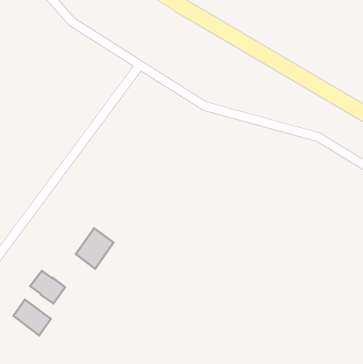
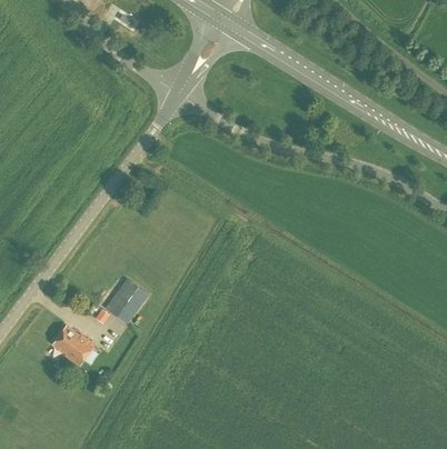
building: [13,300,51,335] -> none

